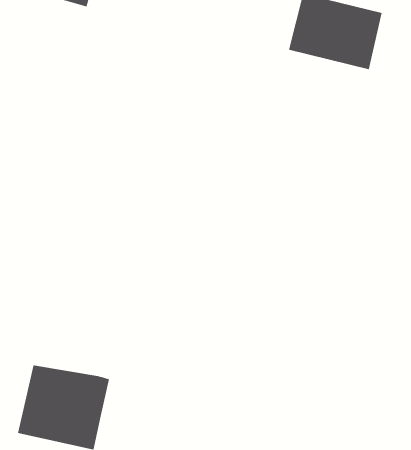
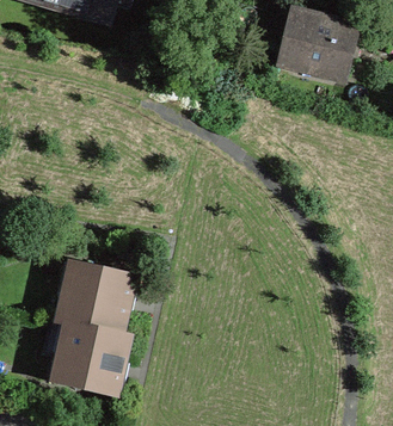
building: none -> [56,260,134,332]

